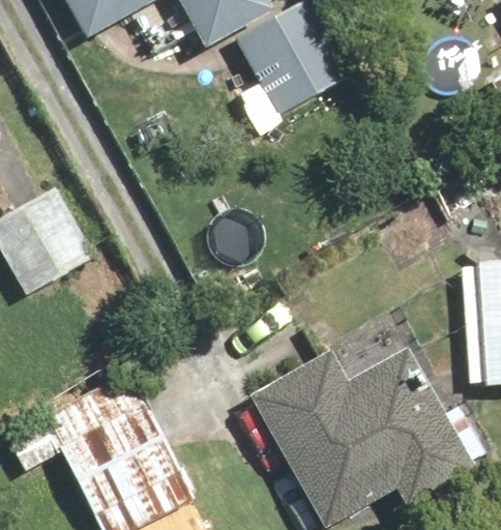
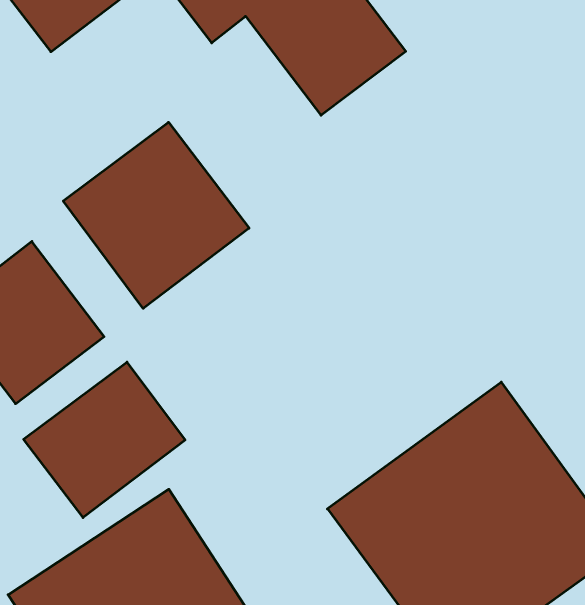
building: none -> [63,122,249,308]
building: none -> [24,362,185,518]

